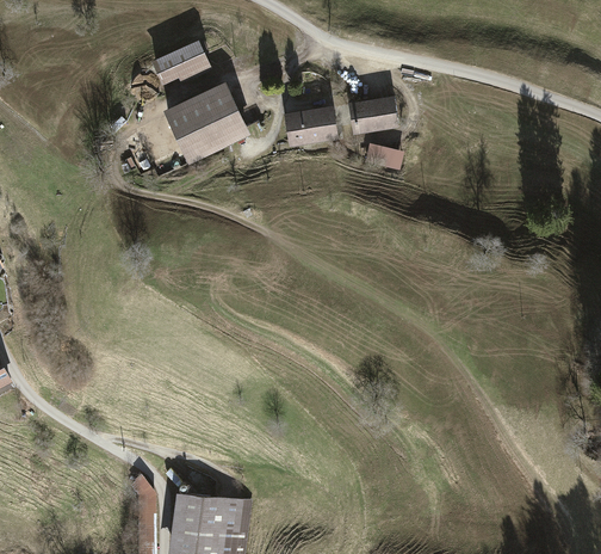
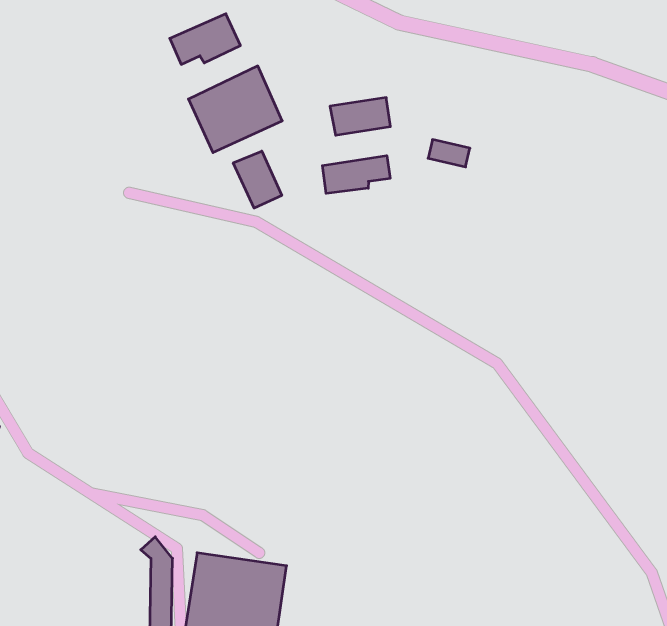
building: [351,100,395,131] -> none
building: none -> [233,151,282,208]
building: none -> [322,156,390,193]

